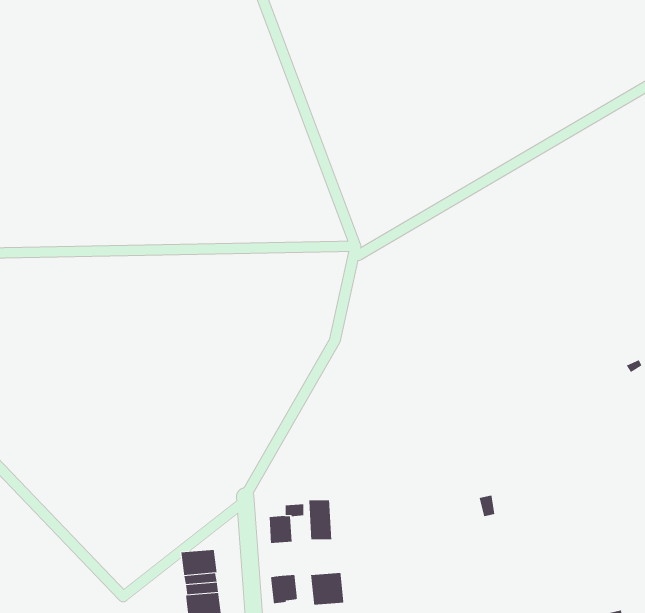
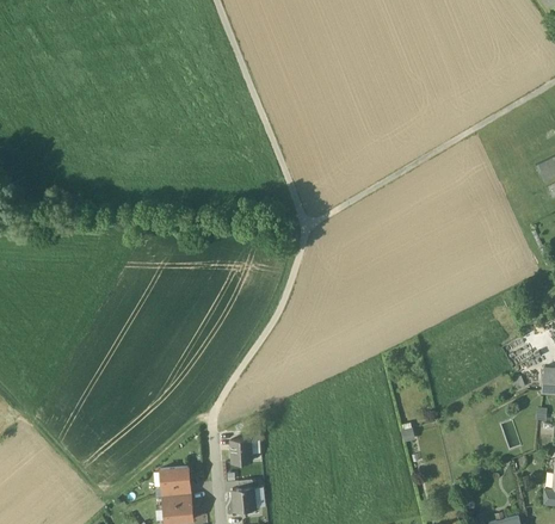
building: [308,499,332,540] -> none
building: [311,572,344,606] -> none

